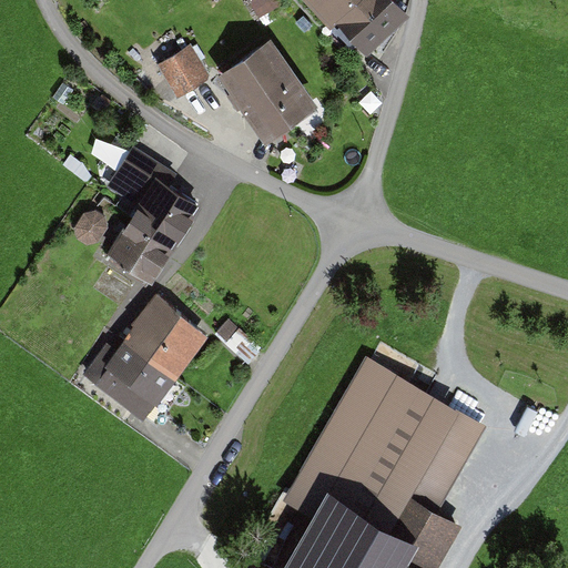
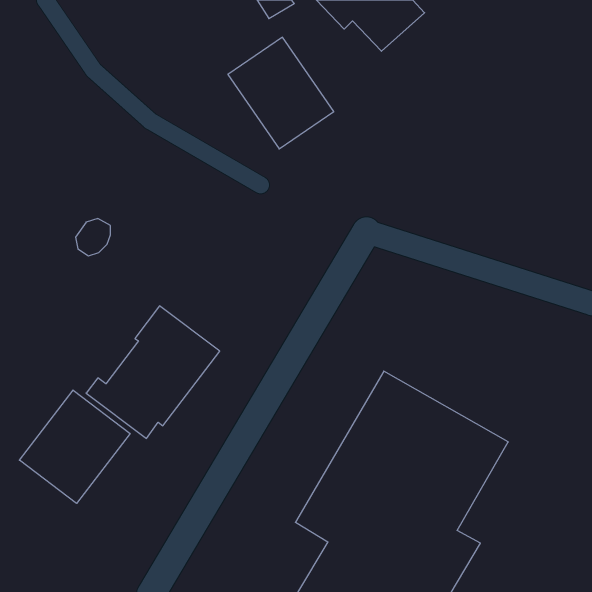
building: [154,45,209,100] -> none
building: [103,145,200,283] -> none
building: none -> [19,390,130,503]

